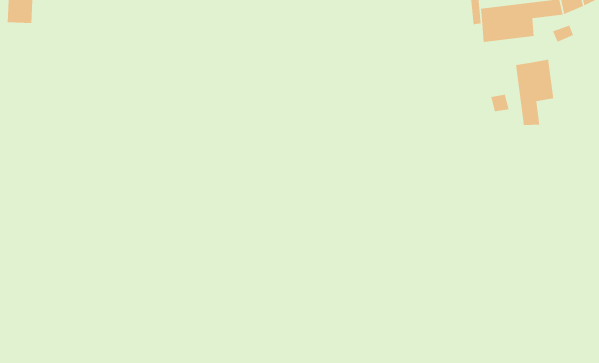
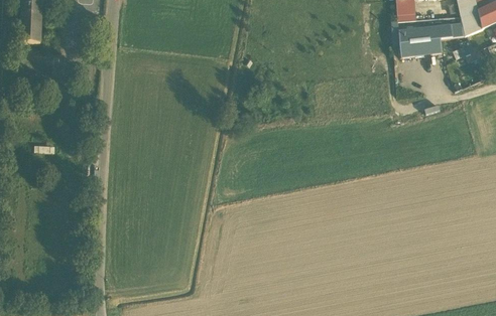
building: [516,59,554,126] -> none

